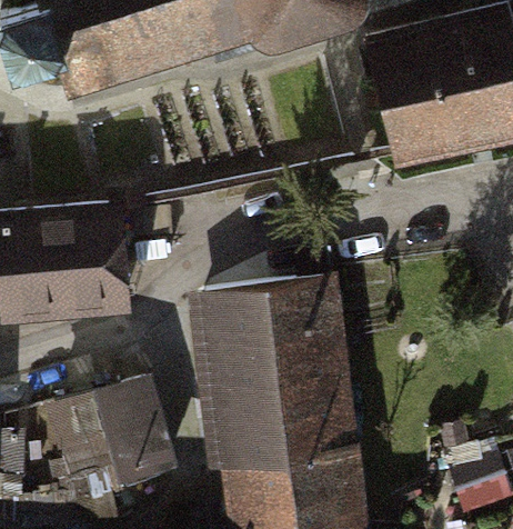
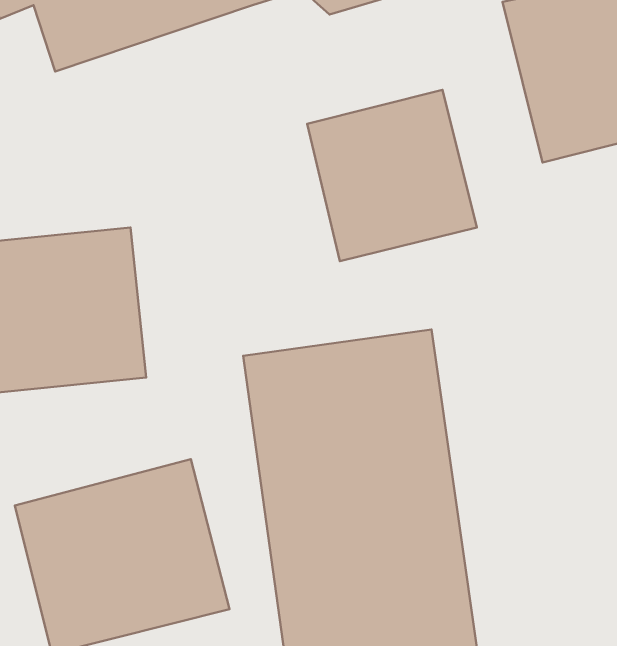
building: none -> [307,90,477,261]

